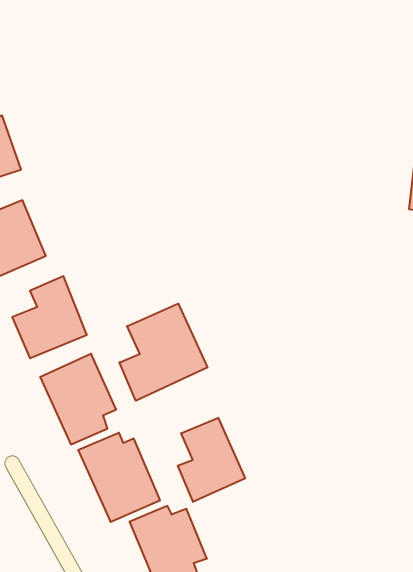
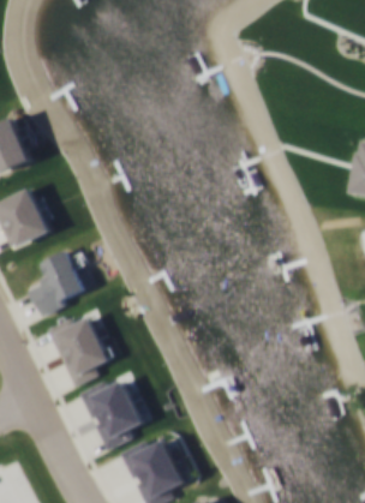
building: [119,304,207,401] -> none
building: [178,418,245,502] -> none

